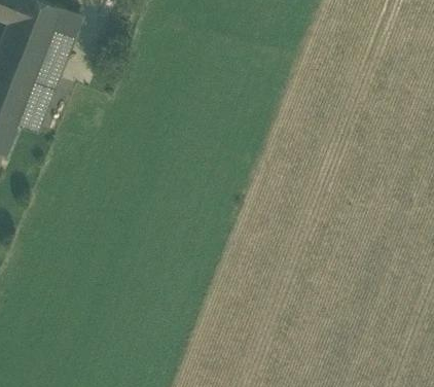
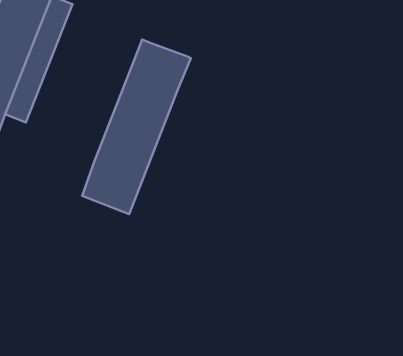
building: none -> [82,39,191,214]

